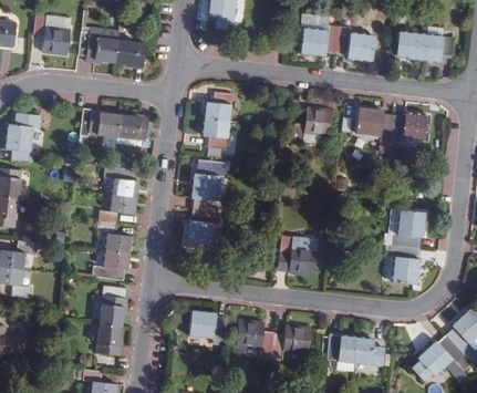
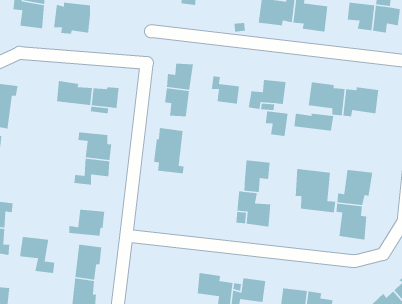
building: [115,41,144,68] -> none
building: none -> [211,75,240,105]
building: none -> [265,110,288,137]
building: none -> [293,113,334,132]
building: none -> [243,159,270,193]
building: none -> [295,168,336,213]
building: [179,210,218,250] -> none
building: [97,224,135,254] -> none
building: none -> [19,236,55,274]
building: [186,309,227,342] -> none

